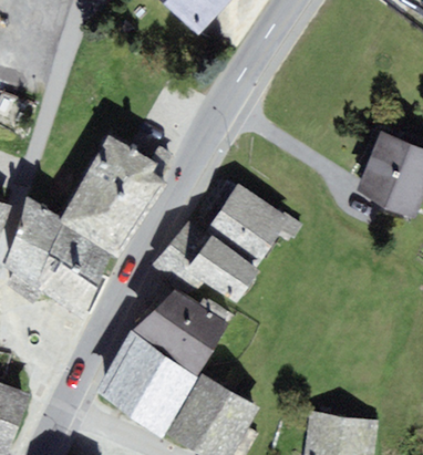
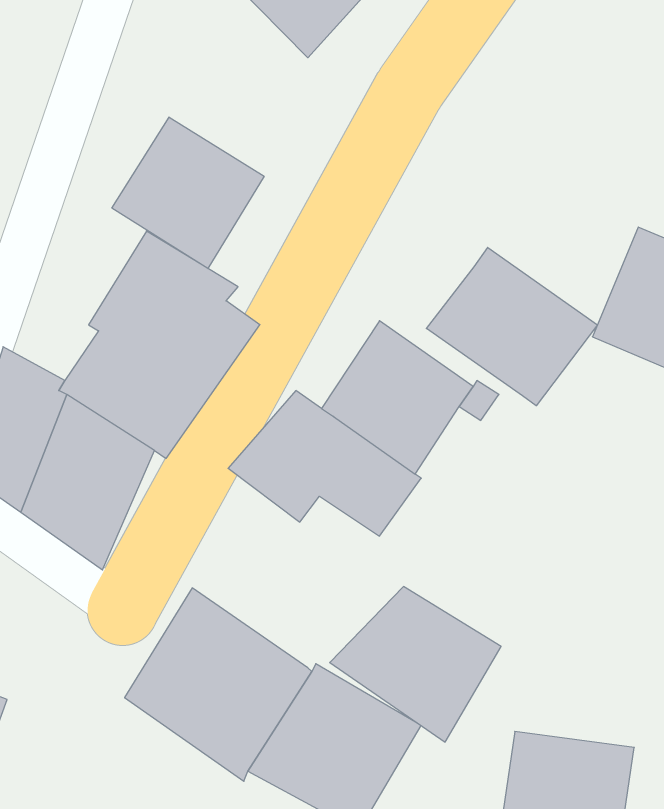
building: none -> [112,117,264,269]
building: none -> [426,247,598,406]
building: [132,289,227,375] -> [330,587,501,742]

